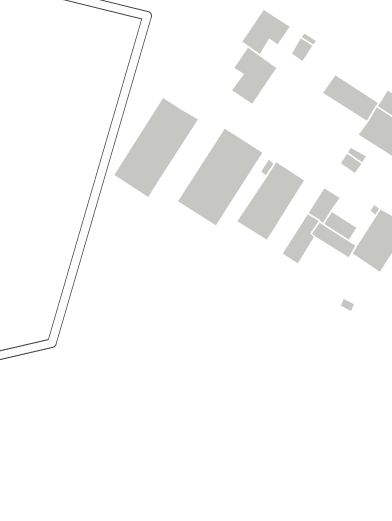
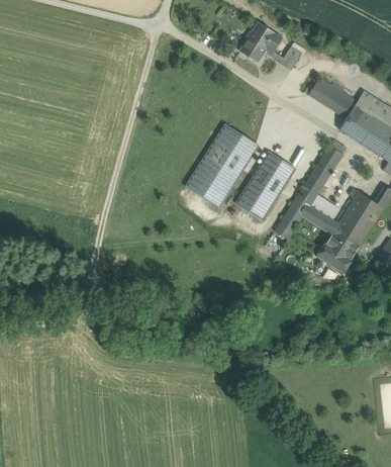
building: [231,47,278,105] -> none
building: [113,97,199,198] -> none
building: none -> [310,154,336,183]
building: none -> [316,230,358,273]

